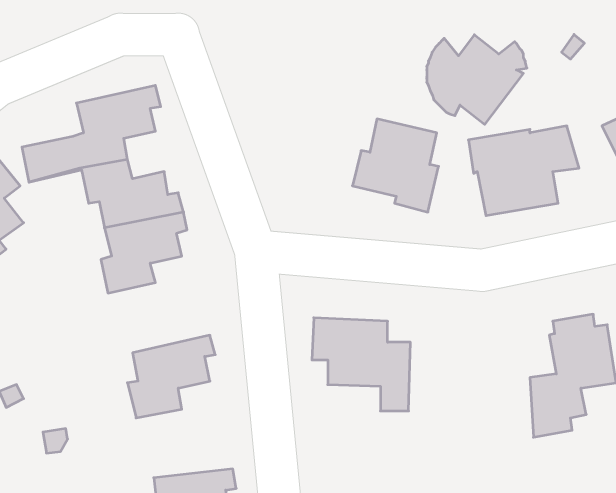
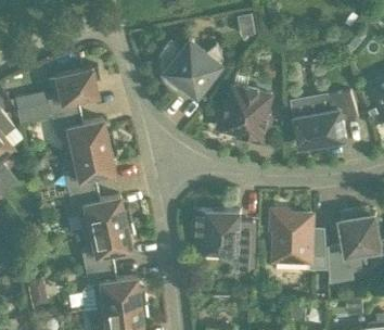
building: [427,35,527,124] -> [163,41,225,97]
building: none -> [68,189,131,232]
building: none -> [272,215,328,271]
building: none -> [81,267,145,312]

